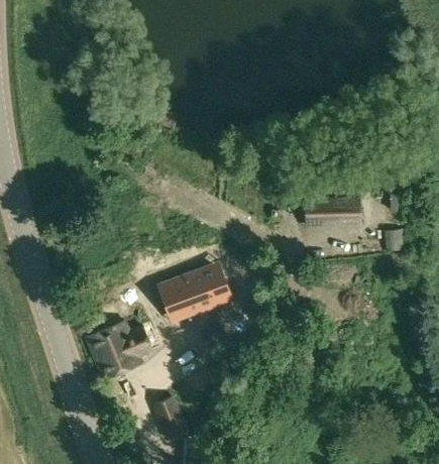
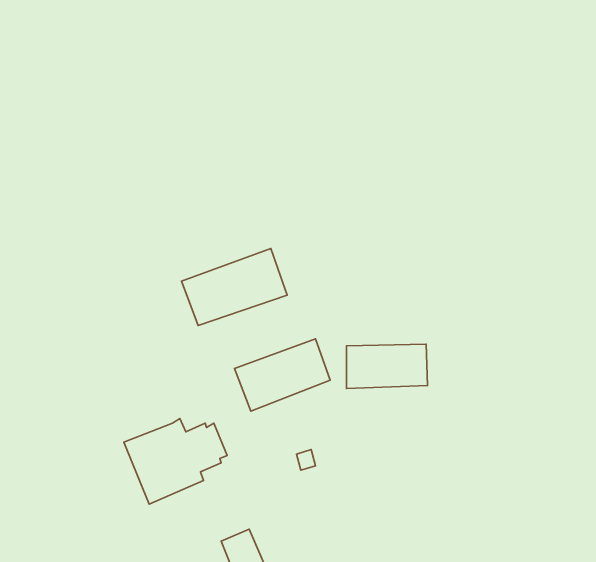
building: [305,197,360,227] -> [347,344,428,389]
building: none -> [182,249,287,326]

